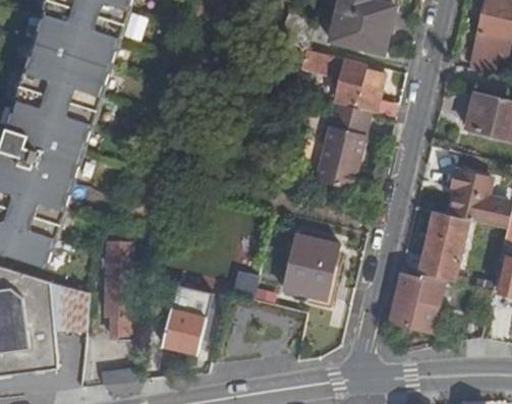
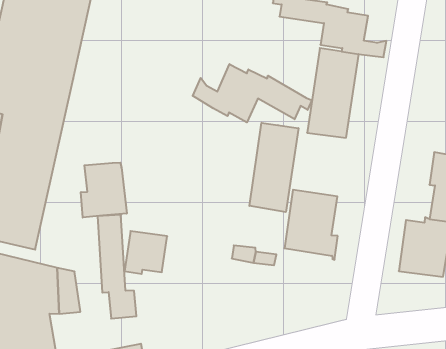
building: none -> [193,64,312,122]
building: none -> [249,123,298,212]
building: none -> [81,163,127,218]
building: [161,311,205,353] -> [124,231,167,274]

